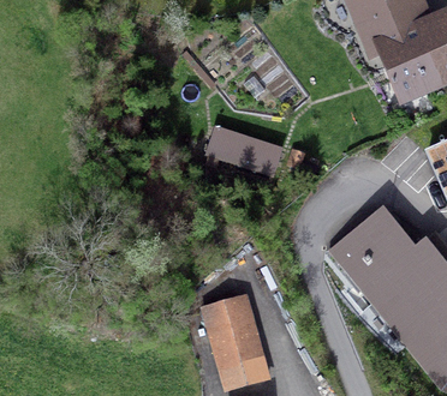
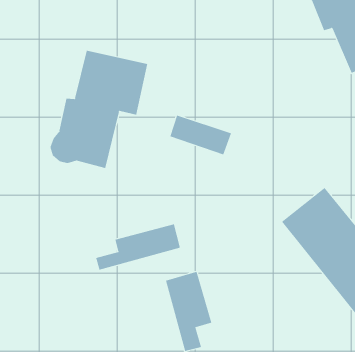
building: none -> [50,50,148,169]
building: none -> [95,224,181,270]

